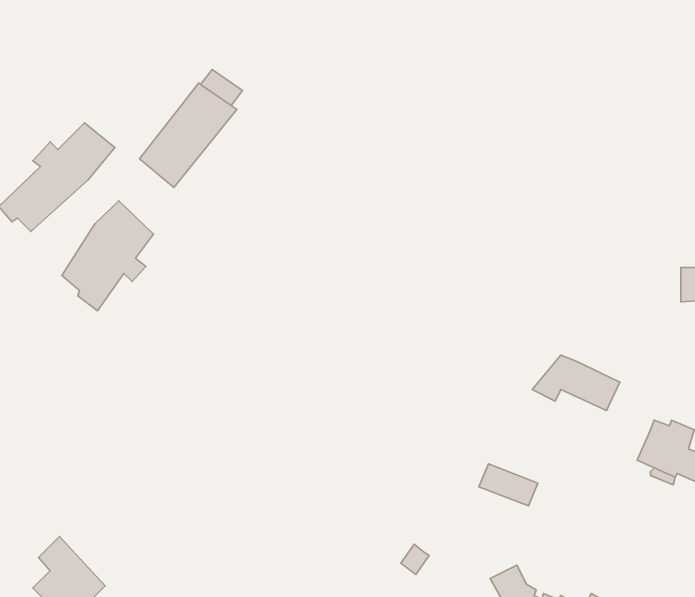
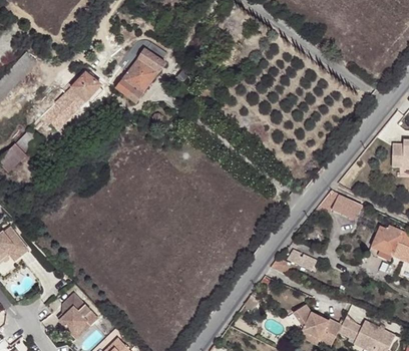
building: [62,201,154,311] -> none

